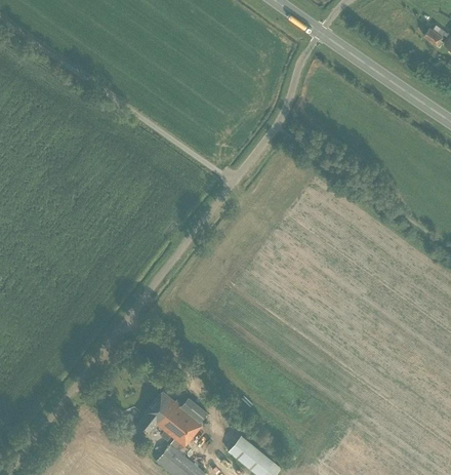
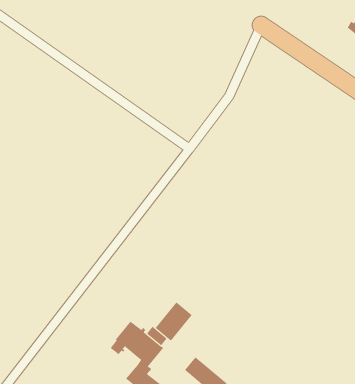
building: none -> [155,302,192,341]

